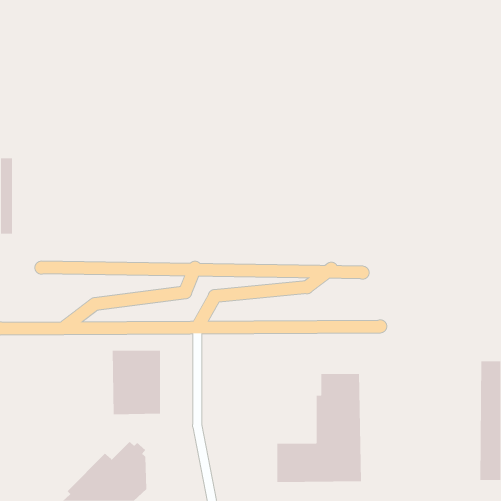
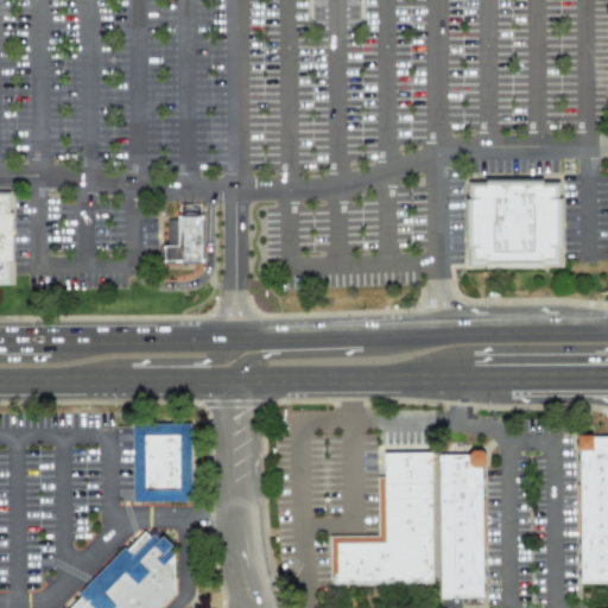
building: none -> [473,189,555,261]
building: none -> [165,214,209,262]
building: none -> [444,455,488,597]

